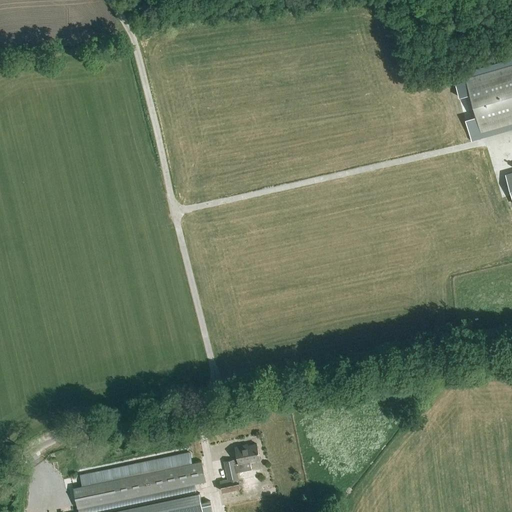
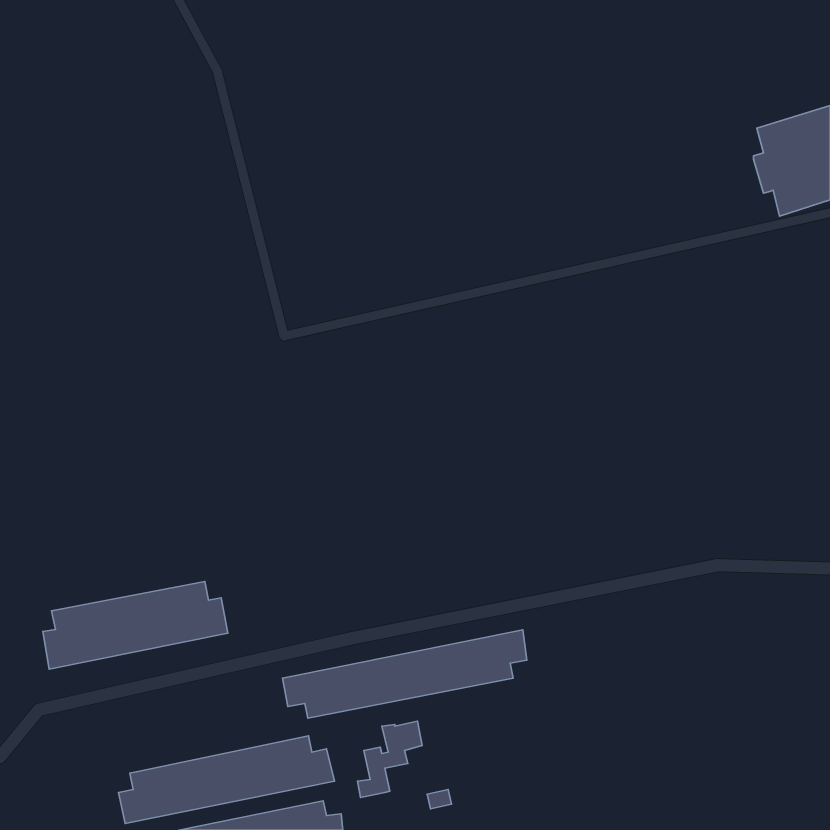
building: none -> [43,582,228,669]
building: none -> [283,630,527,718]

